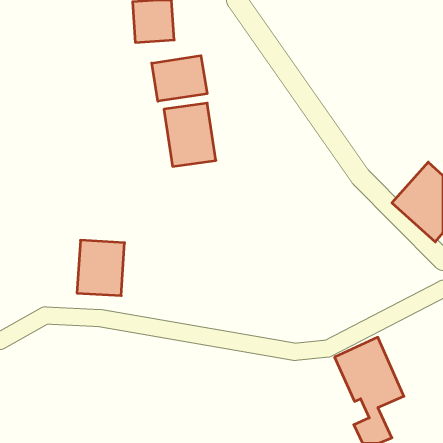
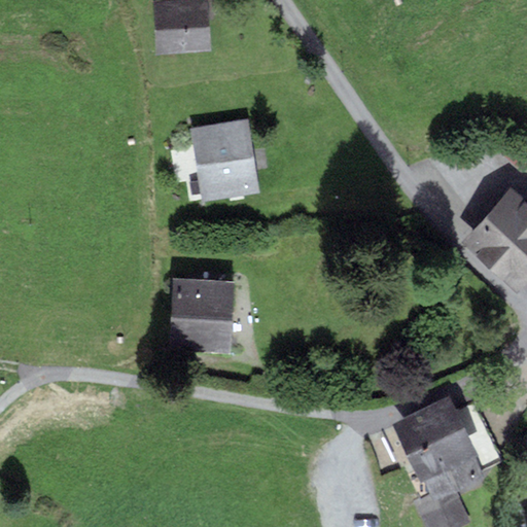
building: [152,56,207,101] -> none
building: [77,240,125,296] -> [173,280,230,346]

